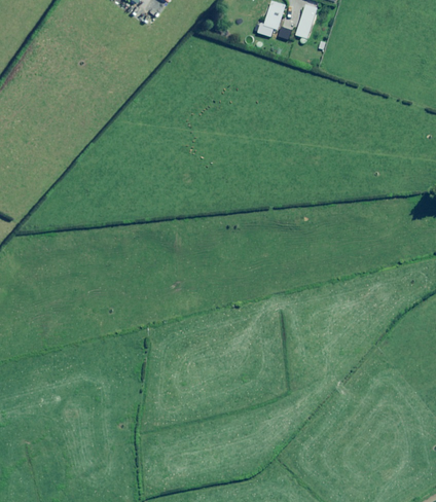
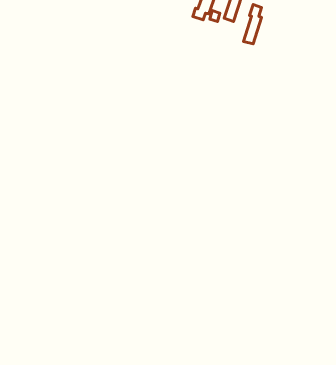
building: none -> [244,5,262,44]

